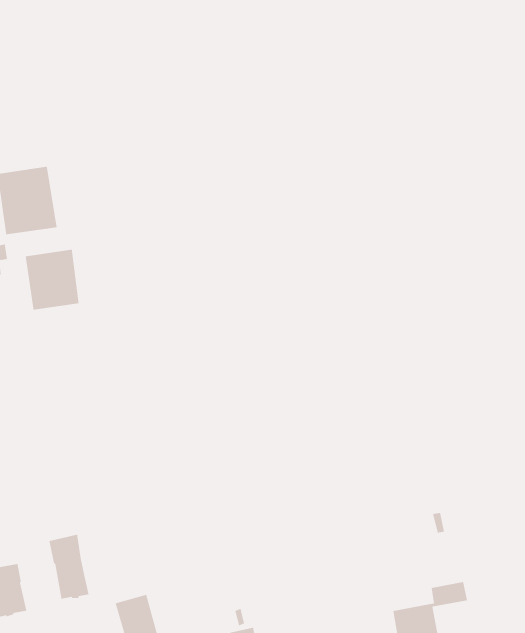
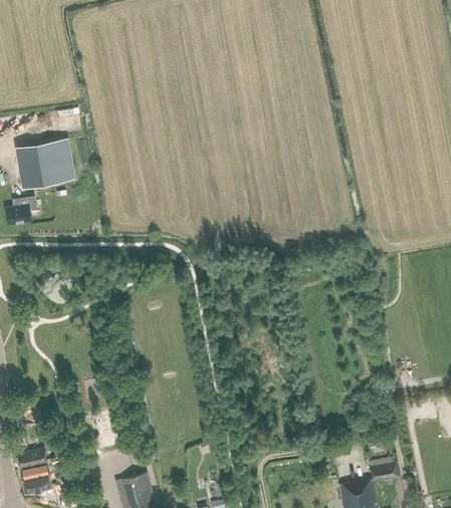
building: [25,249,79,311] -> none
building: [49,534,89,599] -> none

